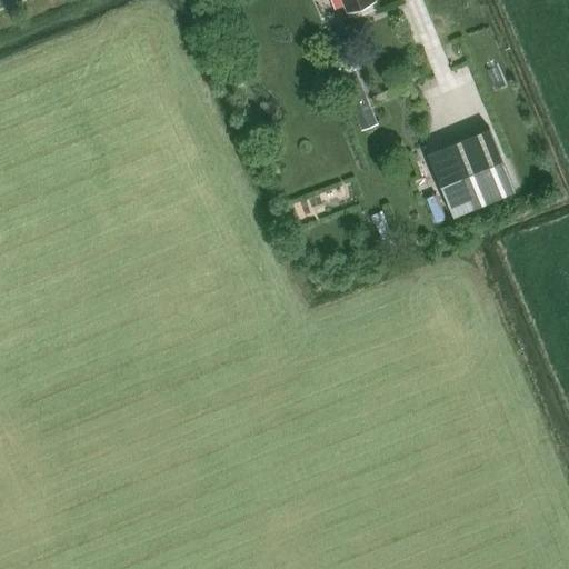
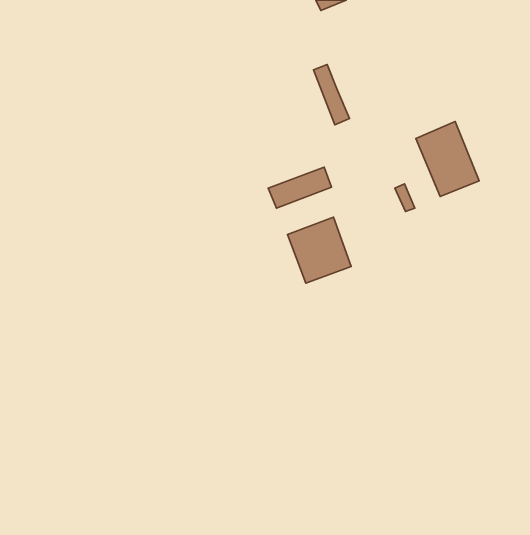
building: none -> [287,217,351,283]

